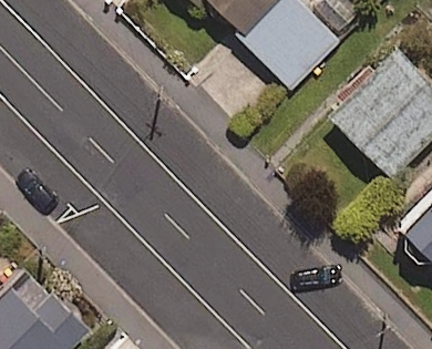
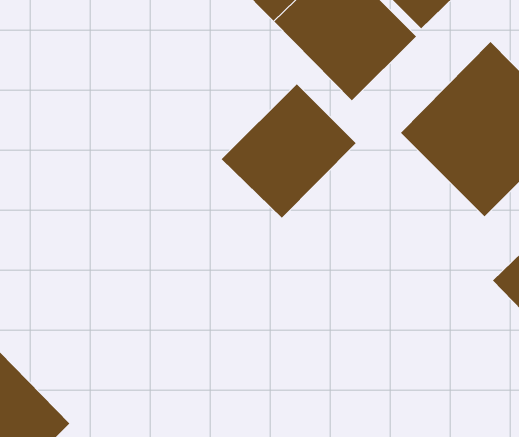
building: none -> [221,83,356,219]

